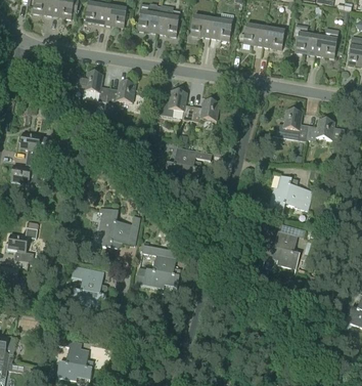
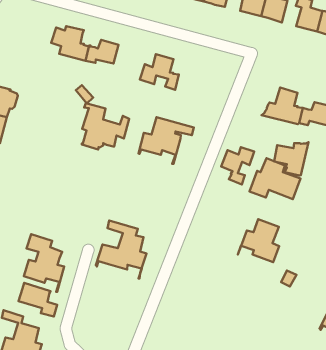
building: [191,99,220,121] -> none
building: none -> [274,142,308,176]
building: none -> [221,147,254,185]
building: [98,207,140,248] -> [82,103,129,149]
building: none -> [18,283,57,317]

